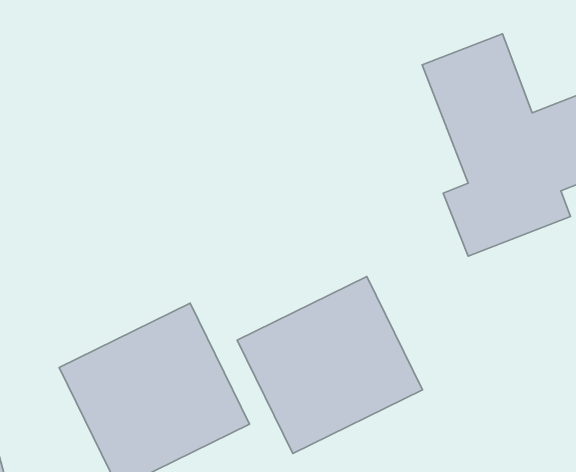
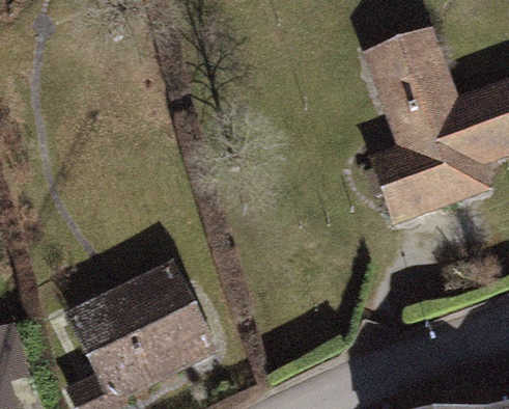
building: [237,277,423,453] -> none

